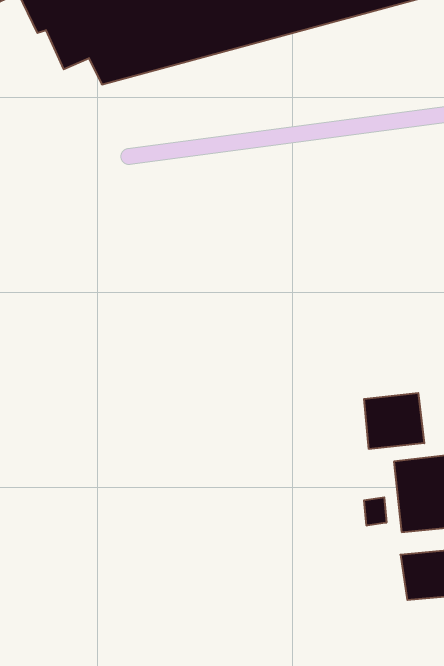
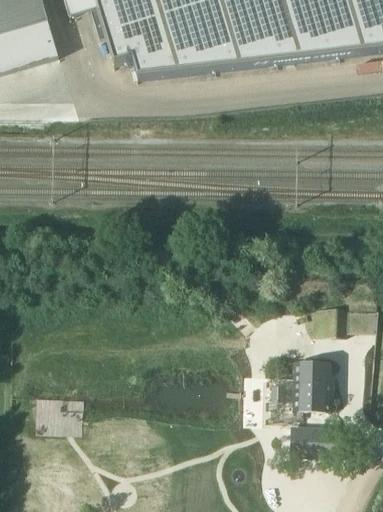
building: [364,393,424,449] -> none

